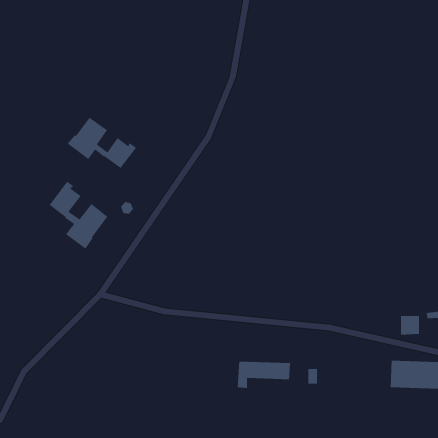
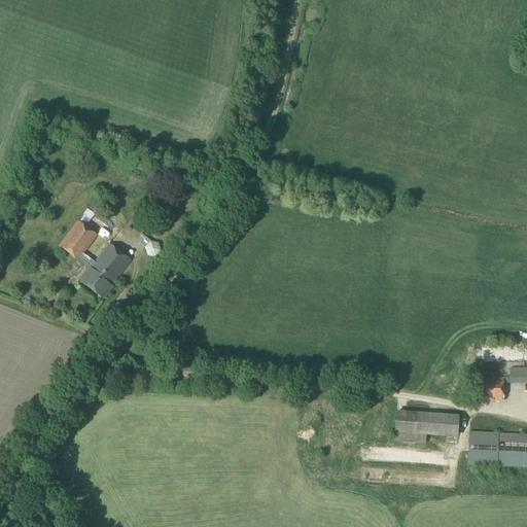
building: [67,117,137,169] -> none
building: [237,361,291,388] -> [395,409,460,442]

